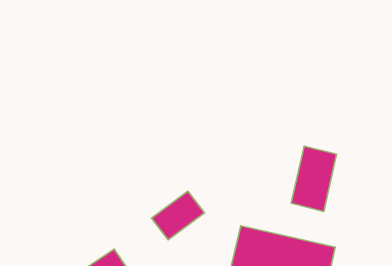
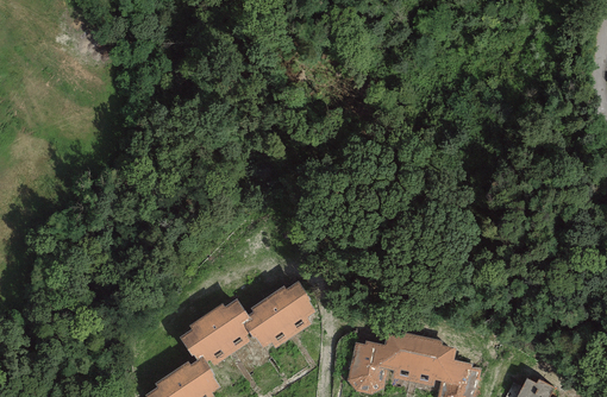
building: [291,146,337,211] -> none
building: none -> [184,297,254,366]

